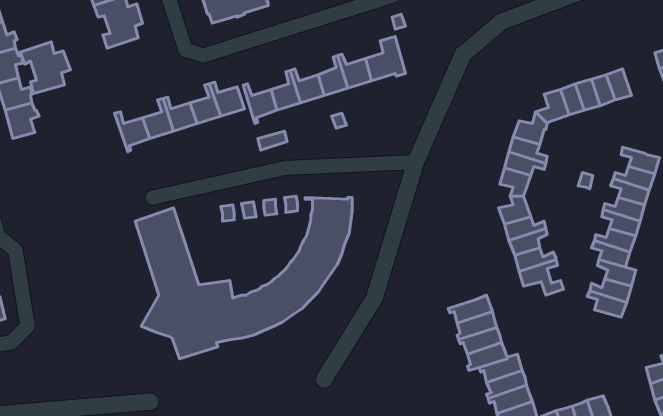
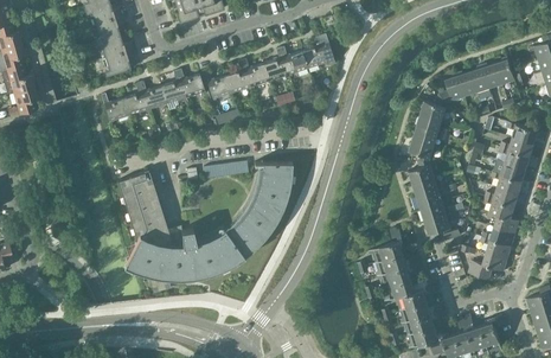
building: [20,42,70,94] -> [94,34,134,76]
building: none -> [467,252,506,280]

